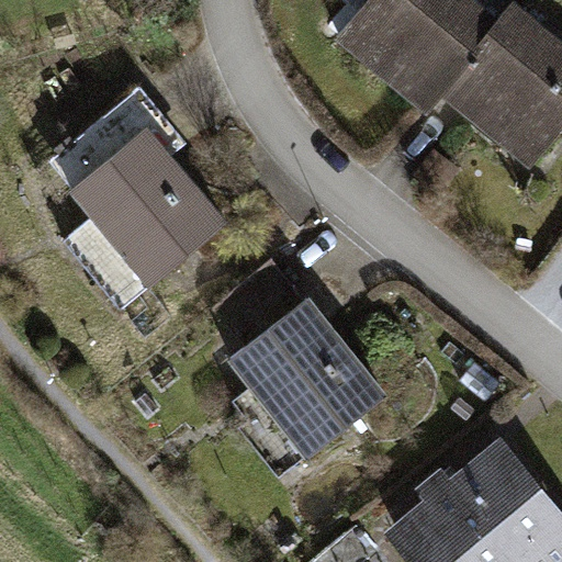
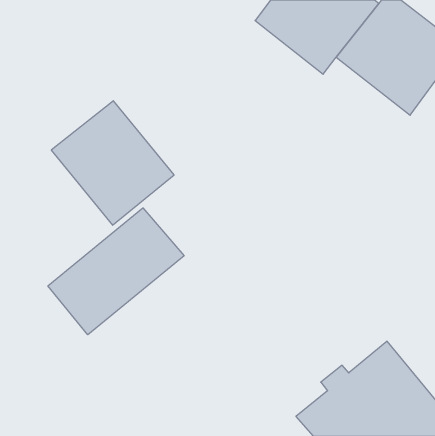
building: none -> [48,208,184,335]
building: [225,300,386,463] -> none

